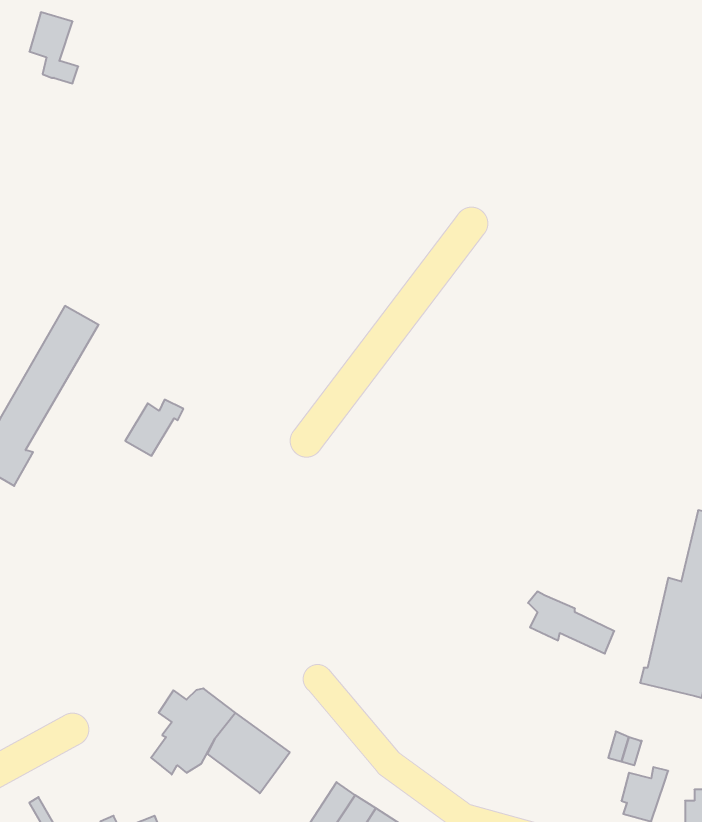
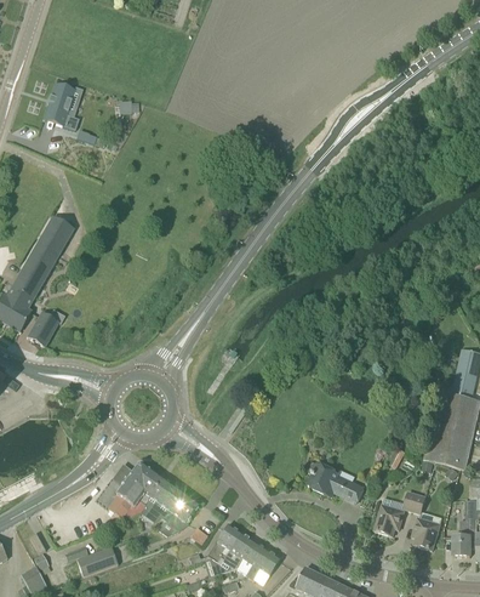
building: [29,12,78,83] -> [47,83,79,129]
building: [125,400,183,456] -> [27,309,64,346]
building: [528,592,614,654] -> [307,461,362,501]
building: none -> [373,496,405,535]

